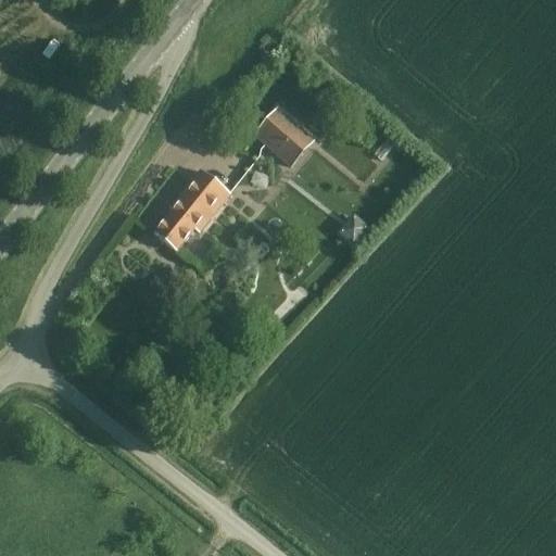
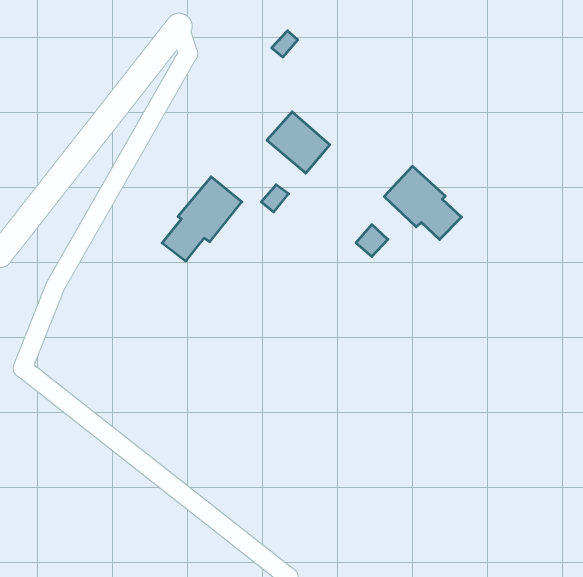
building: none -> [384,166,462,240]

